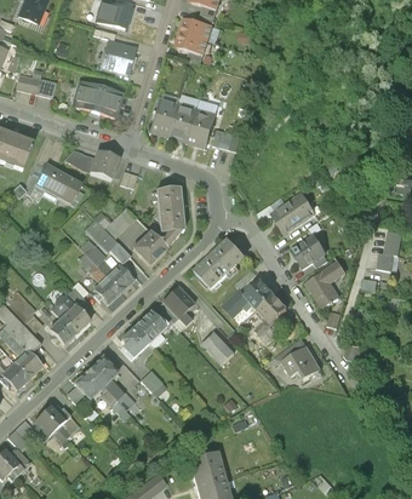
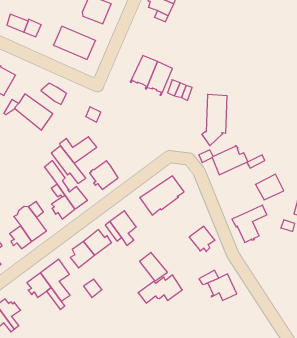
building: [149,97,178,132] -> none
building: [90,149,119,178] -> none
building: [155,187,183,247] -> [202,94,227,146]
building: [291,234,325,265] -> [255,174,284,200]
building: [222,277,273,314] -> [138,275,182,303]

